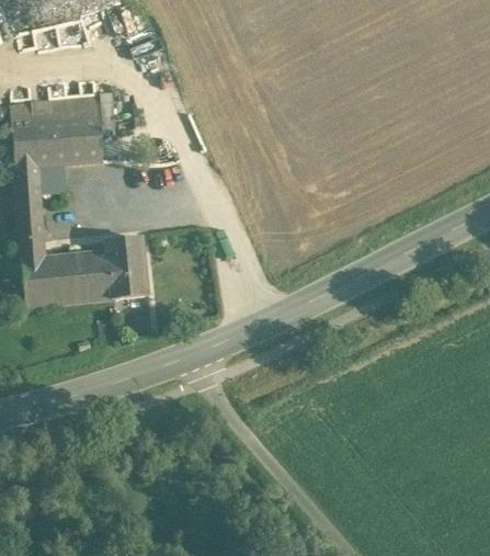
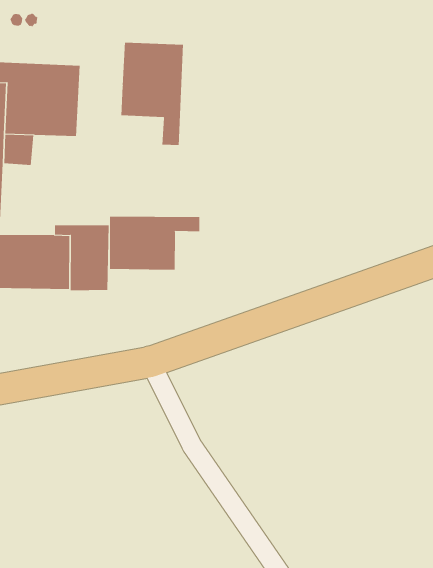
building: none -> [121,42,184,146]
building: none -> [110,216,200,271]

